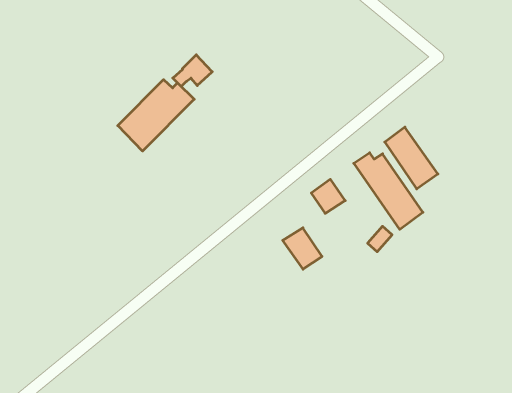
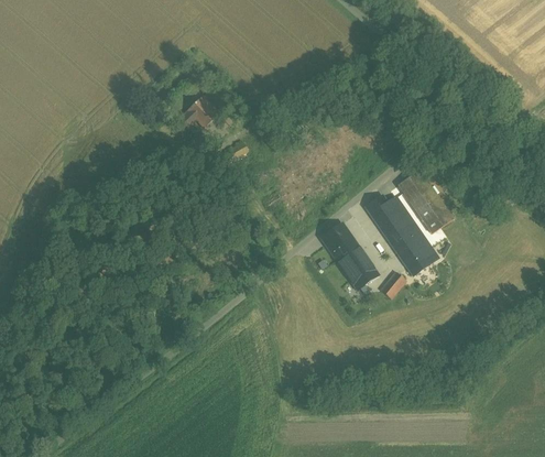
building: [118,80,194,151] -> none
building: [283,228,322,269] -> [338,244,379,287]

